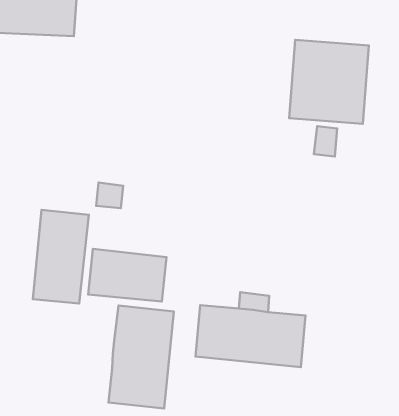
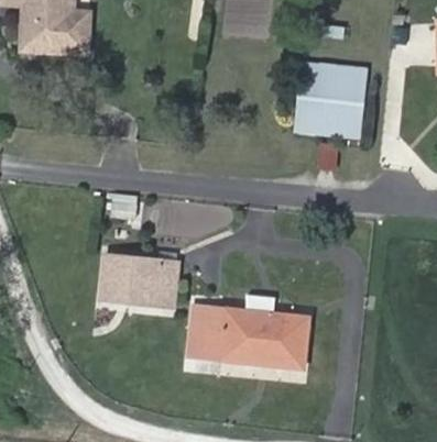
building: [33,210,89,304] -> none
building: [108,305,174,409] -> none

